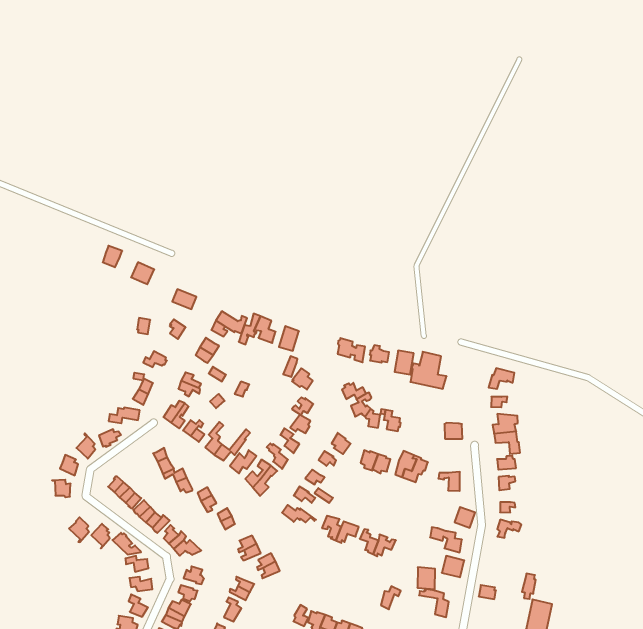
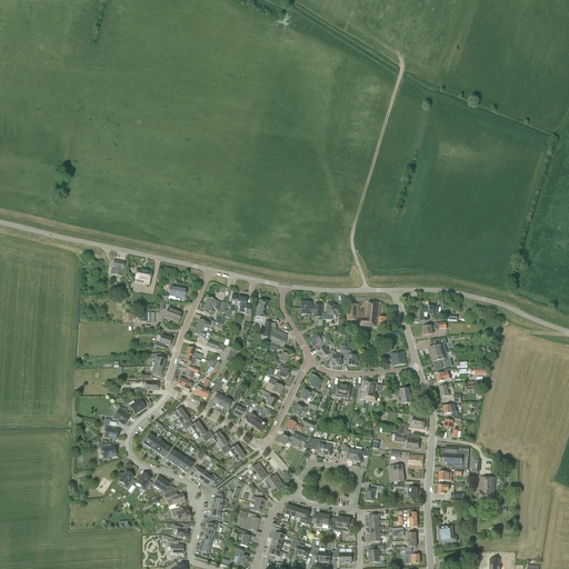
building: none -> [440,446,469,468]

